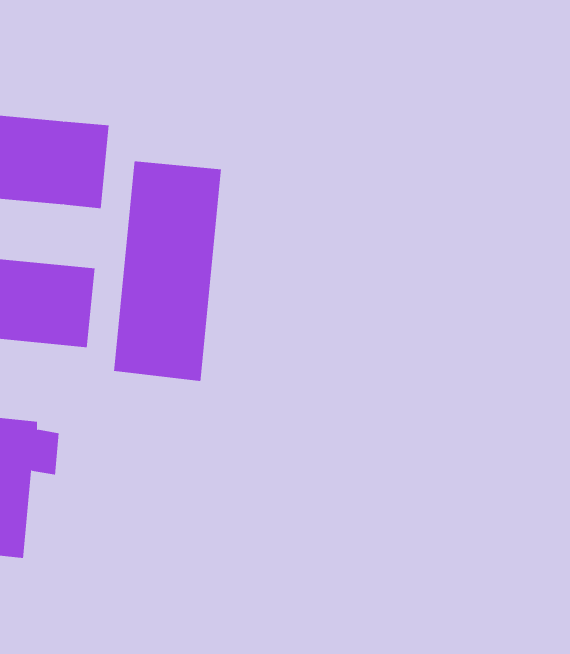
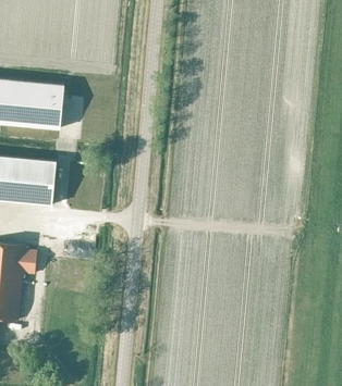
building: [114,161,222,382] -> none

